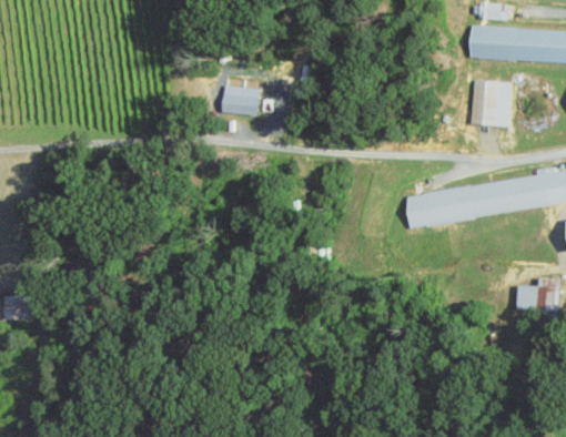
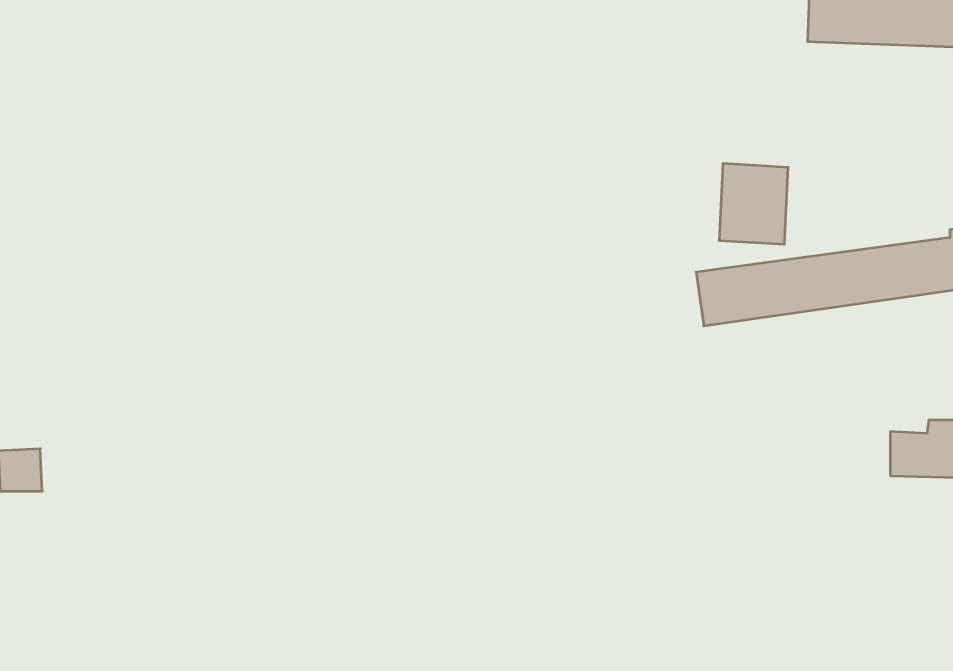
building: [471,80,511,126] -> [719,164,788,244]
building: [223,87,260,114] -> none

